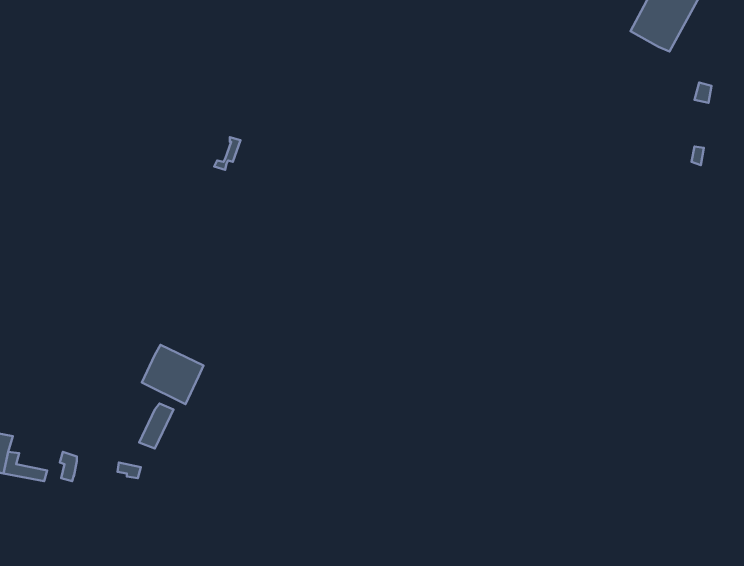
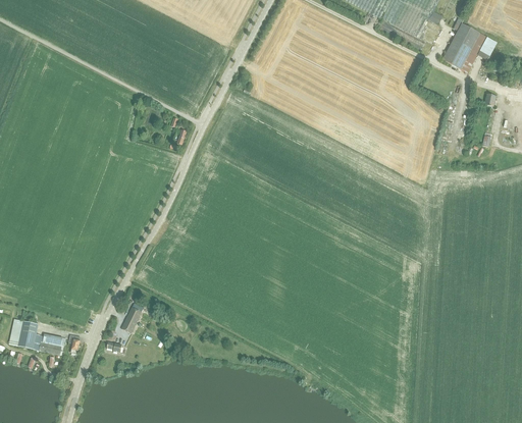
building: [142,345,204,404] -> none

